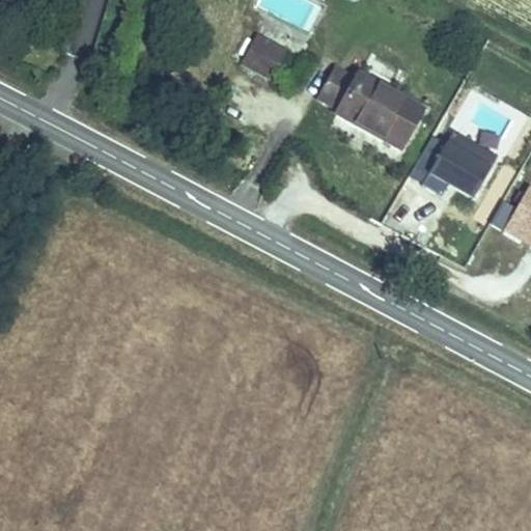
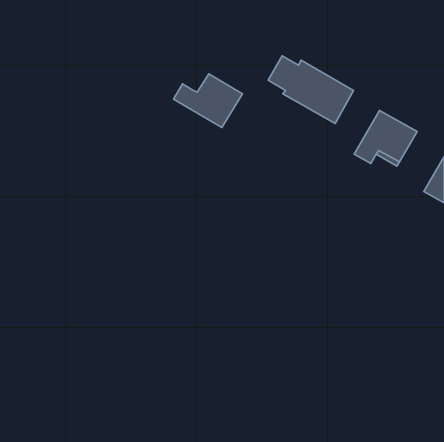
building: [243,27,287,72] -> none
building: none -> [174,74,242,127]

